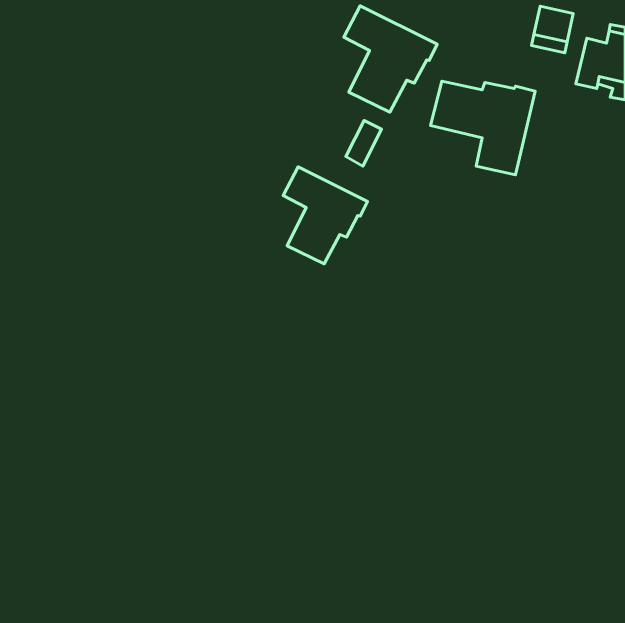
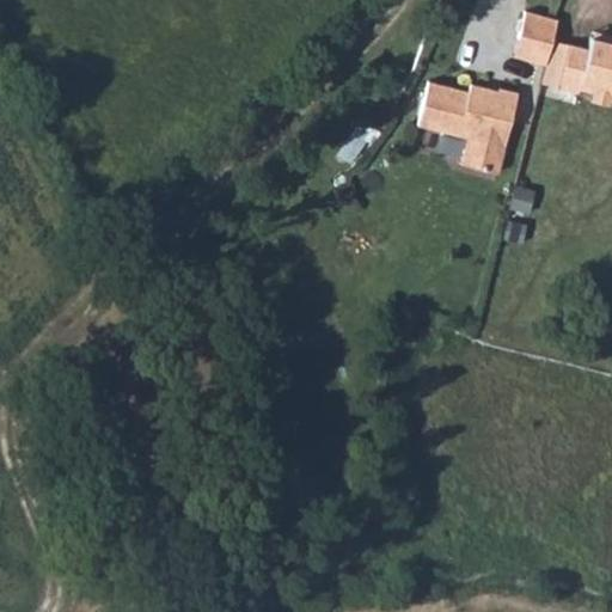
building: [344,6,437,112] -> none
building: [283,167,367,264] -> none

